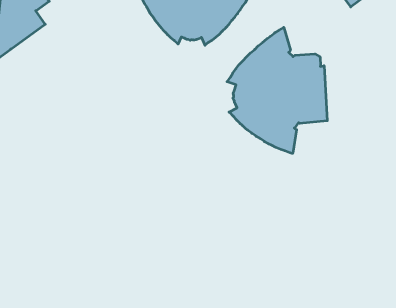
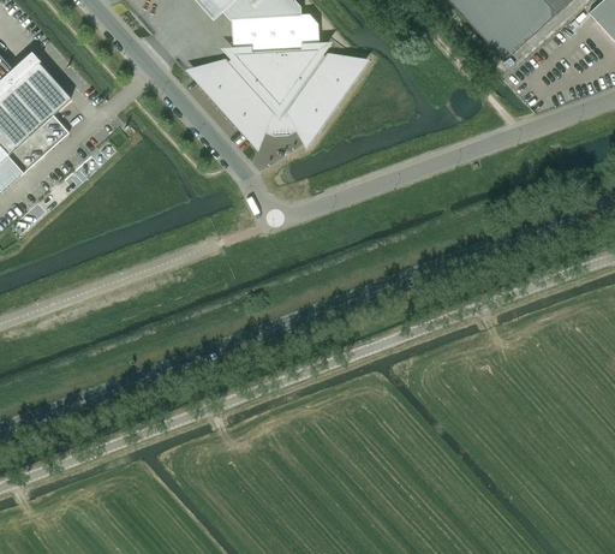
building: [227,27,327,153] -> none

